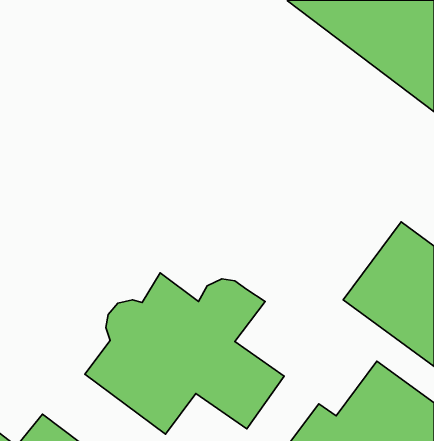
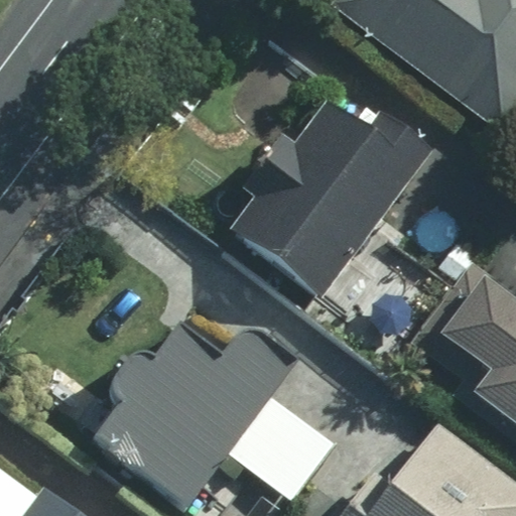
building: none -> [234,98,422,295]

